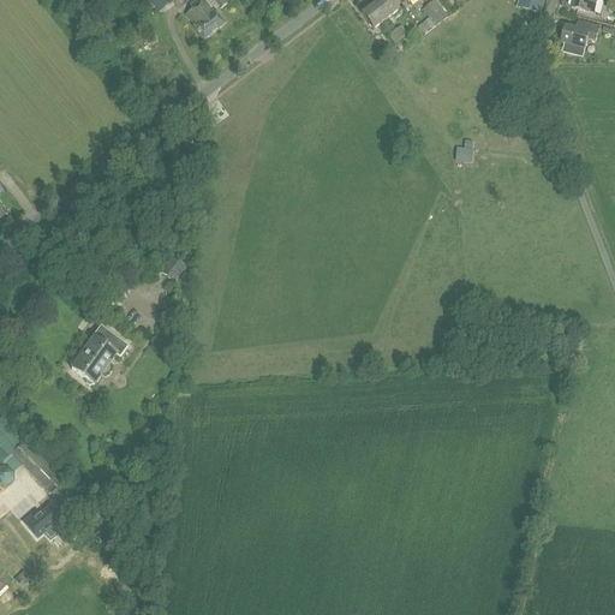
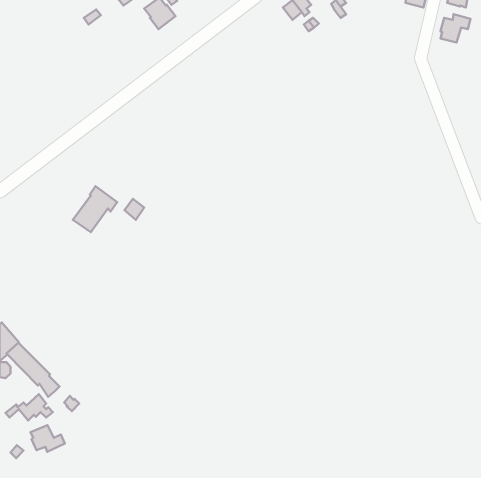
building: [70,323,126,382] -> [73,186,117,232]
building: none -> [31,425,65,452]

